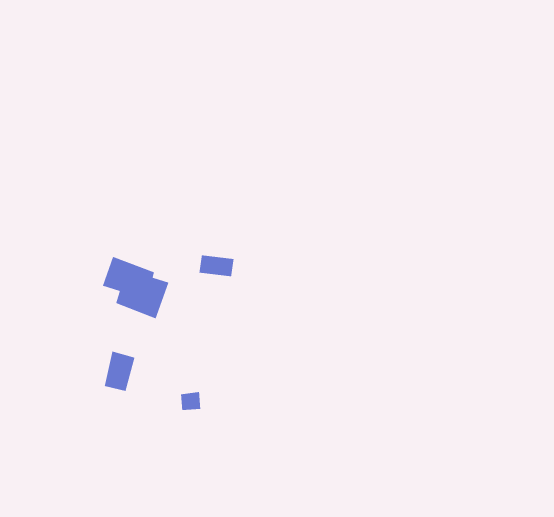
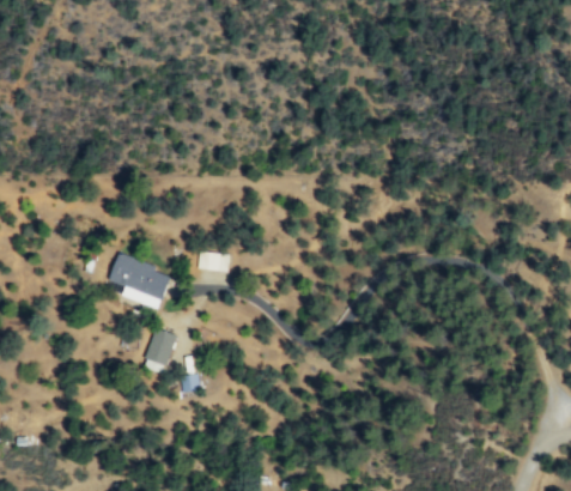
building: [104,351,136,392] -> [147,328,176,365]

